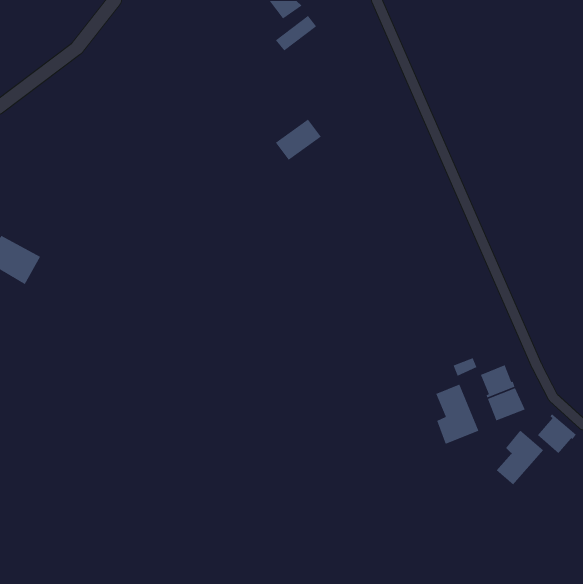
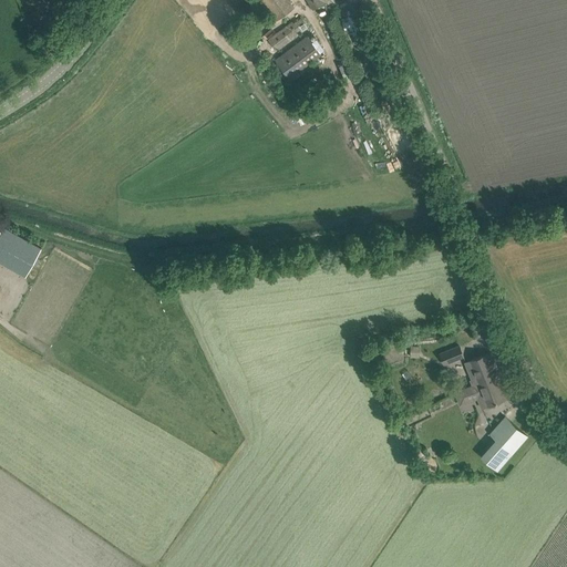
building: [275,118,322,161] -> [274,37,319,78]
building: [435,383,479,445] -> none
building: [537,413,577,454] -> none

